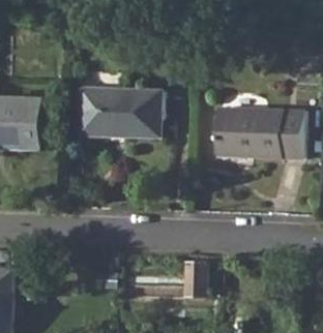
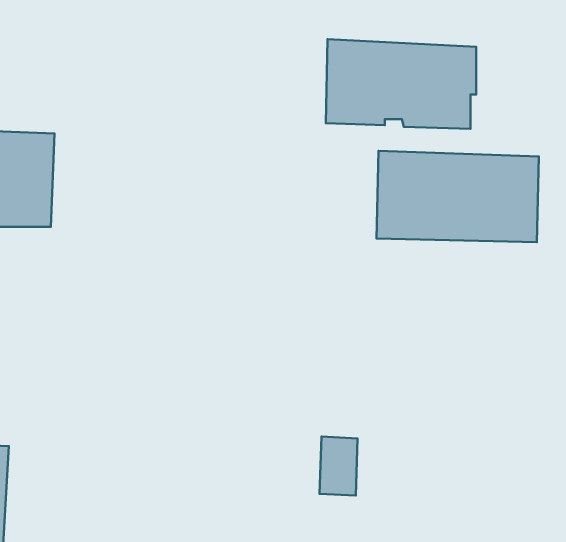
building: [79,87,160,135] -> [326,39,476,129]

